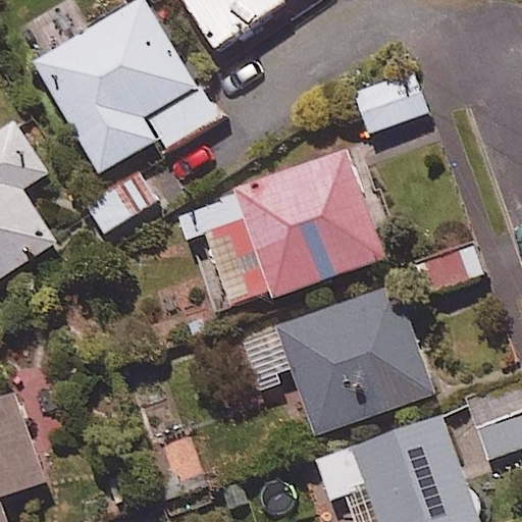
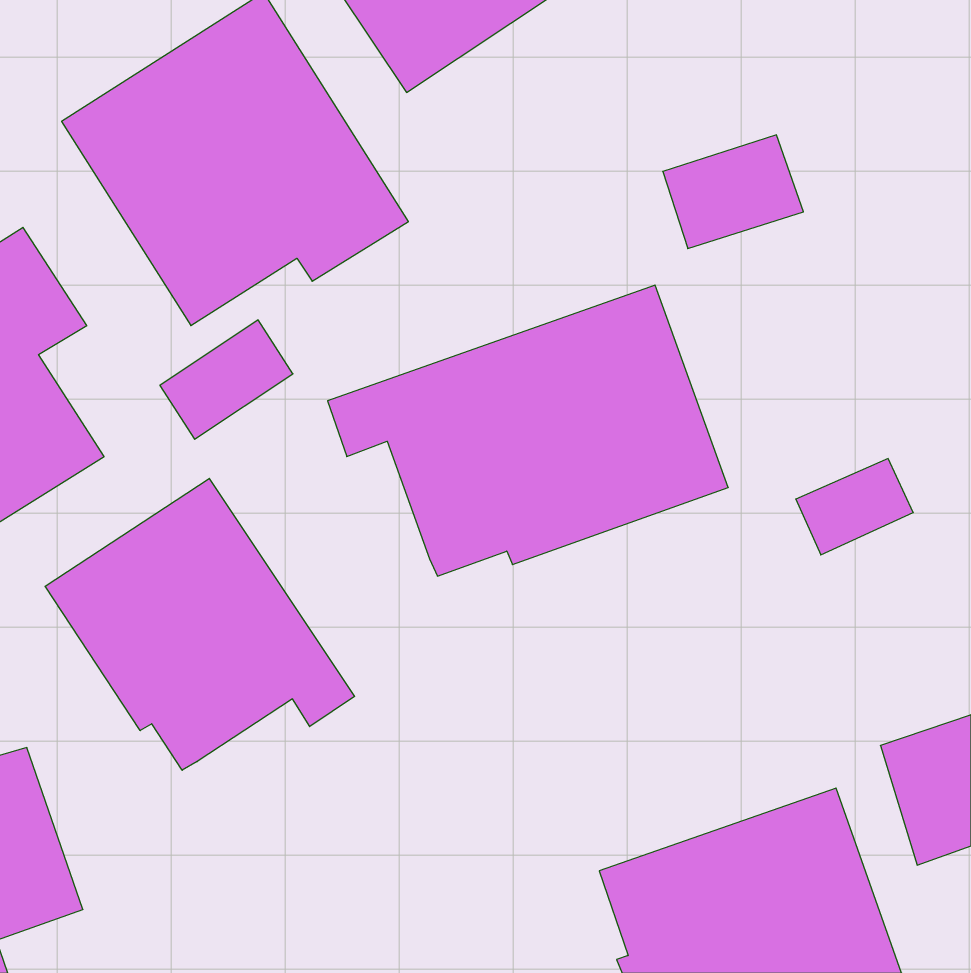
building: none -> [45,478,355,770]
building: [243,285,435,436] -> none

